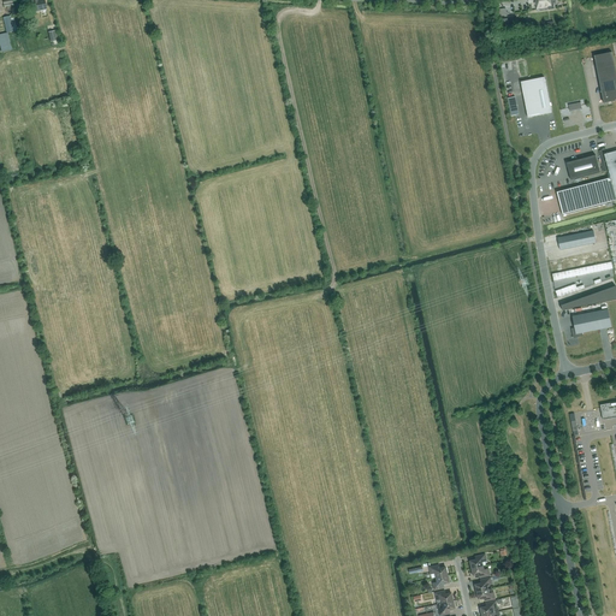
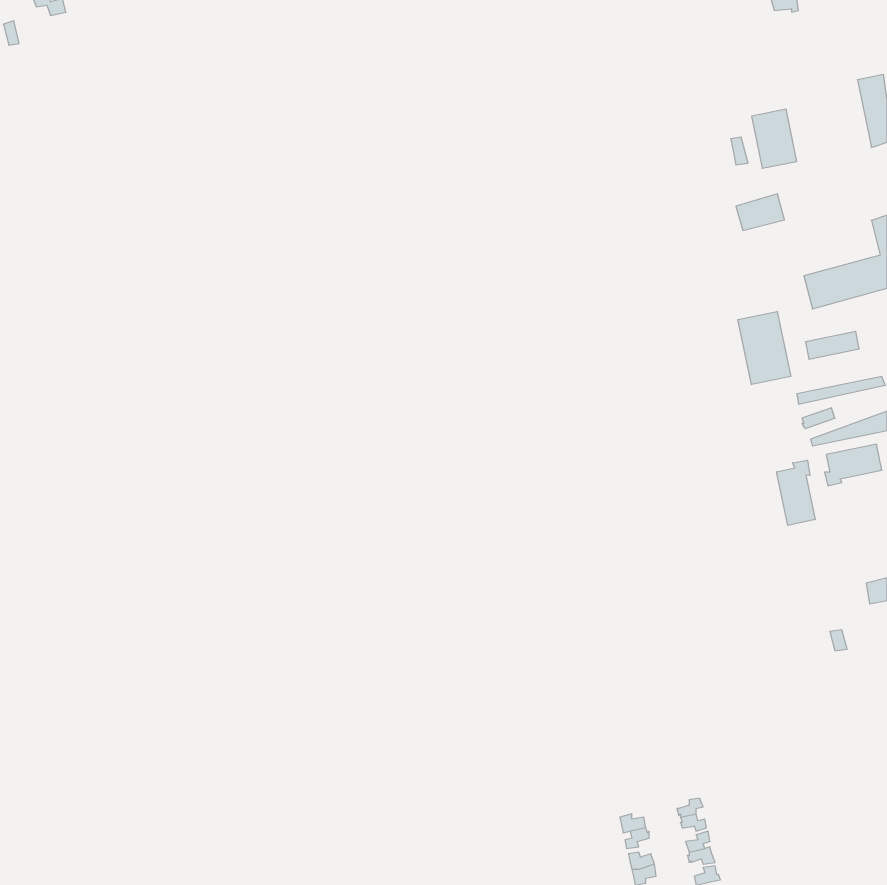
building: [567,154,600,179] -> [736,194,784,230]
building: none -> [738,311,791,385]
building: none -> [777,460,815,525]

